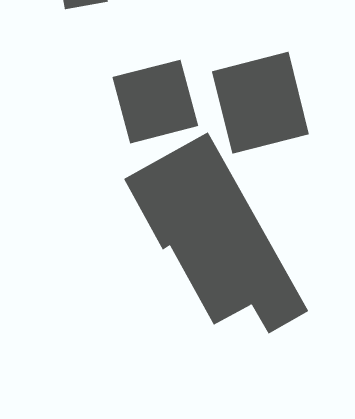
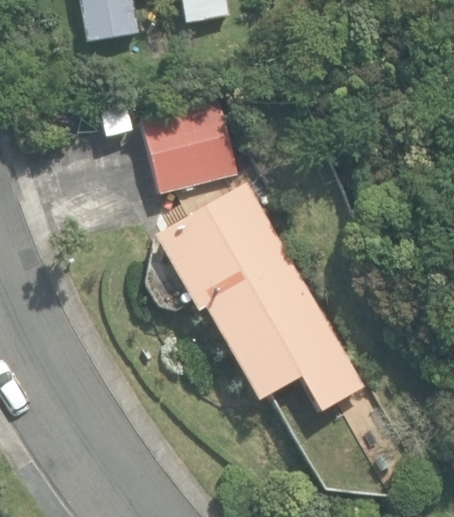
building: [211,51,309,155] -> none

